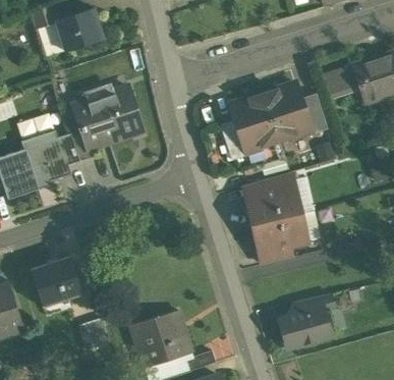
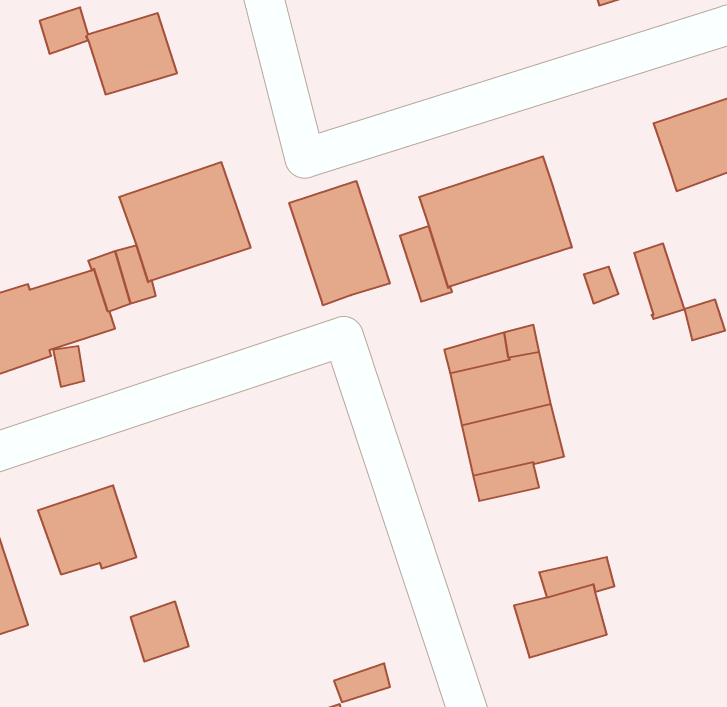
building: [322,66,361,100] -> none
building: [300,94,327,133] -> [634,243,684,319]
building: none -> [289,181,390,305]
building: [130,311,191,369] -> none

